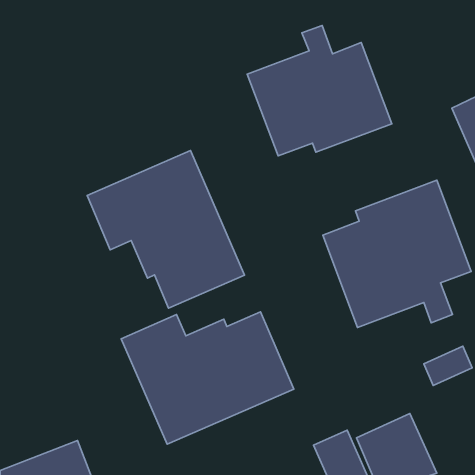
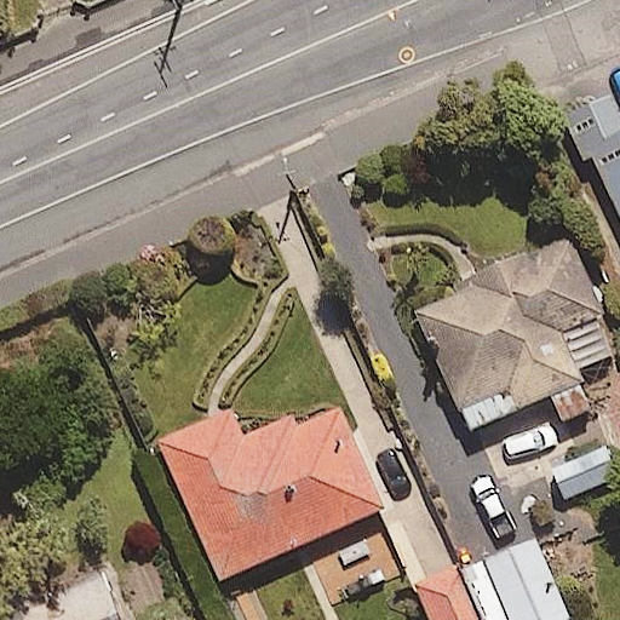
building: [247,26,392,156] -> none
building: [87,151,244,308] -> none

